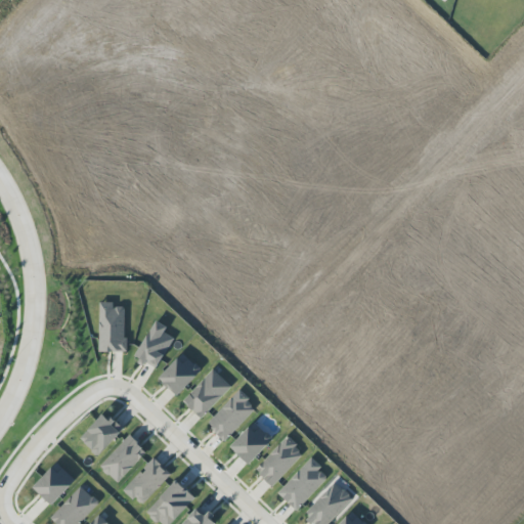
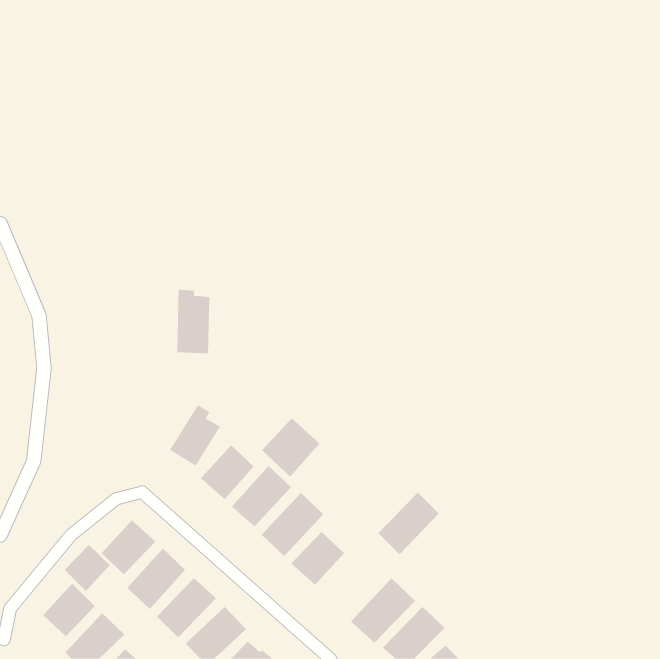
building: [99,301,126,352] -> [177,289,210,354]
building: none -> [261,418,320,477]
building: none -> [64,544,111,592]
building: [255,436,304,486] -> [378,492,440,555]

